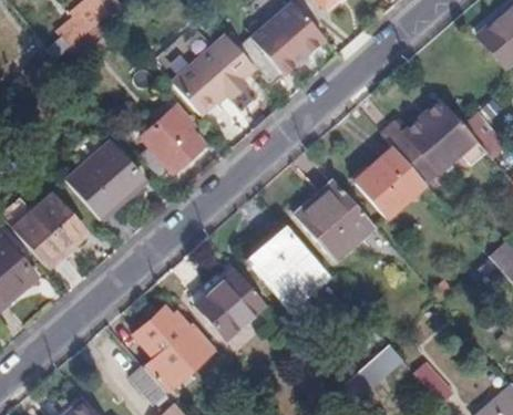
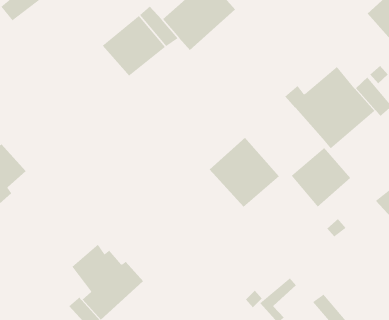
building: [143,108,205,179] -> none
building: [65,131,146,217] -> none
building: [355,149,424,219] -> [291,147,351,207]
building: [249,234,328,312] -> none
building: [196,273,266,343] -> none

